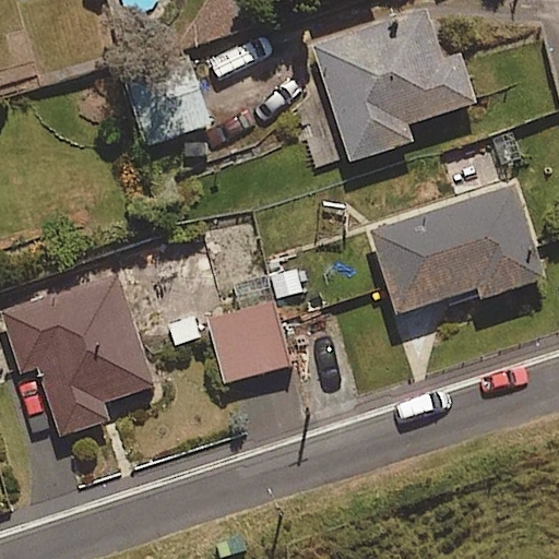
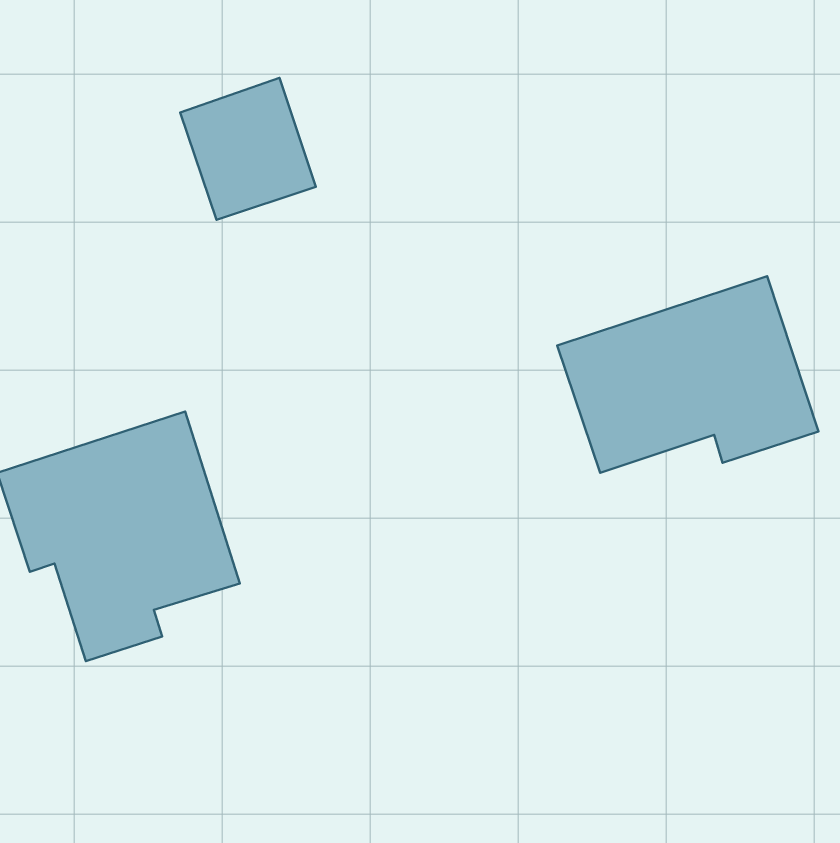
building: [313,9,474,162] -> none
building: [207,302,289,383] -> none

